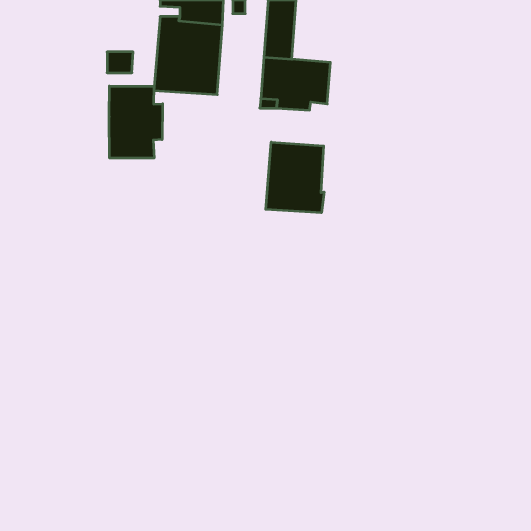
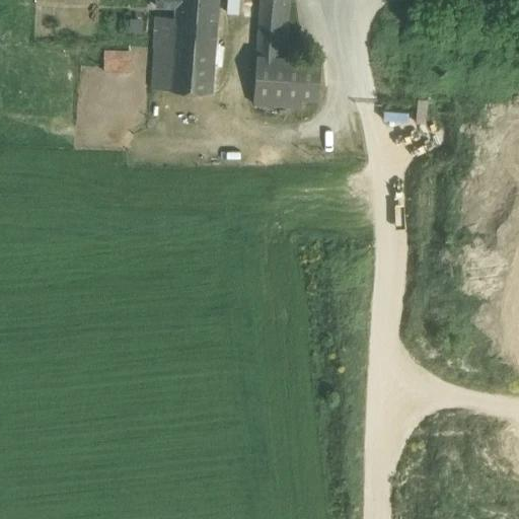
building: [109,86,163,158] -> none
building: [266,142,324,213] -> none

